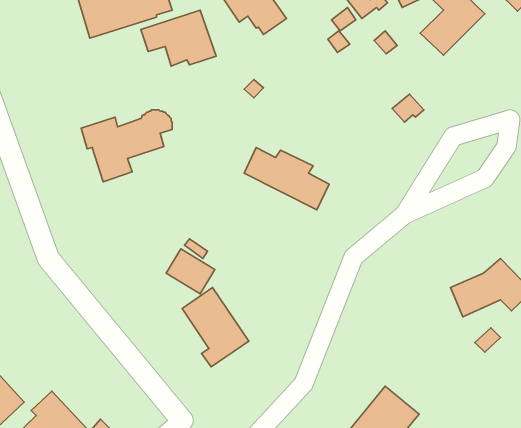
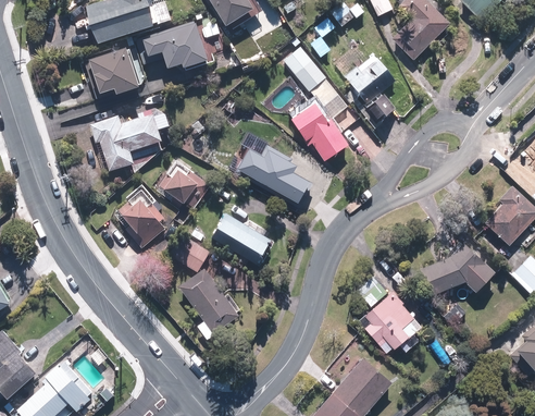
building: none -> [90,47,144,95]
building: none -> [282,47,348,162]
building: none -> [344,53,395,105]
building: none -> [154,169,210,209]
building: none -> [116,199,165,248]
building: none -> [209,212,271,267]
building: none -> [363,292,421,351]

